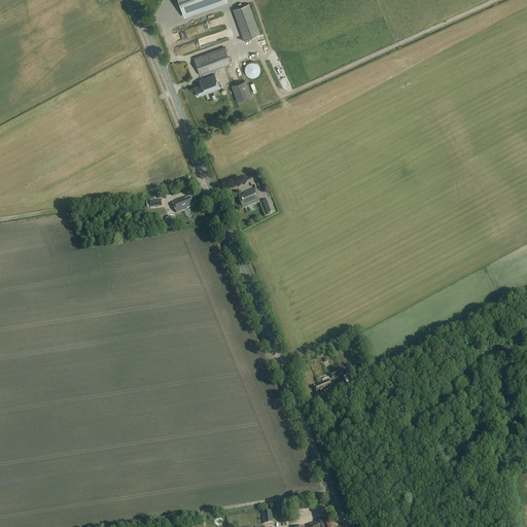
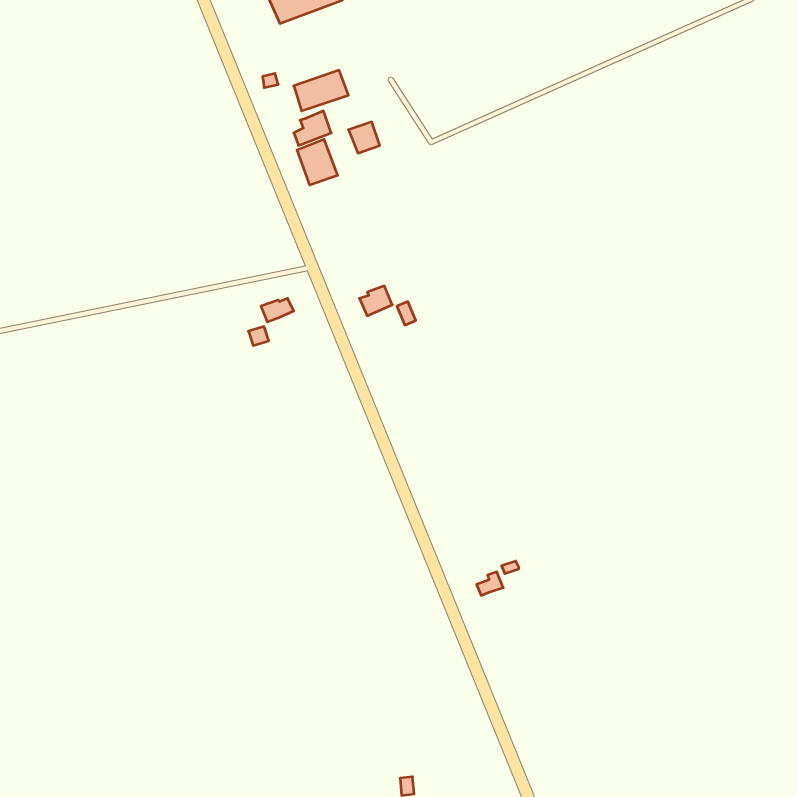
building: [233,4,259,40] -> none
building: none -> [297,139,338,185]

